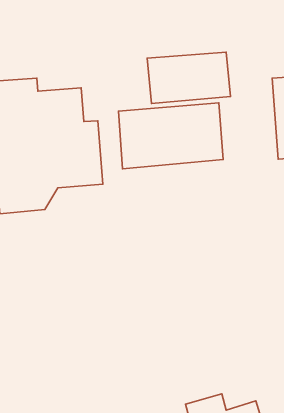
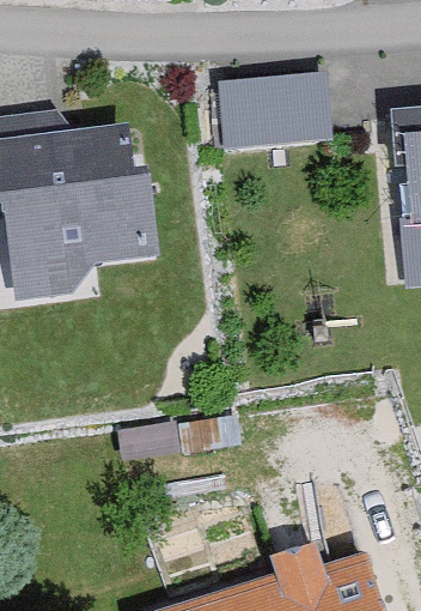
building: [118,103,223,169] -> none

